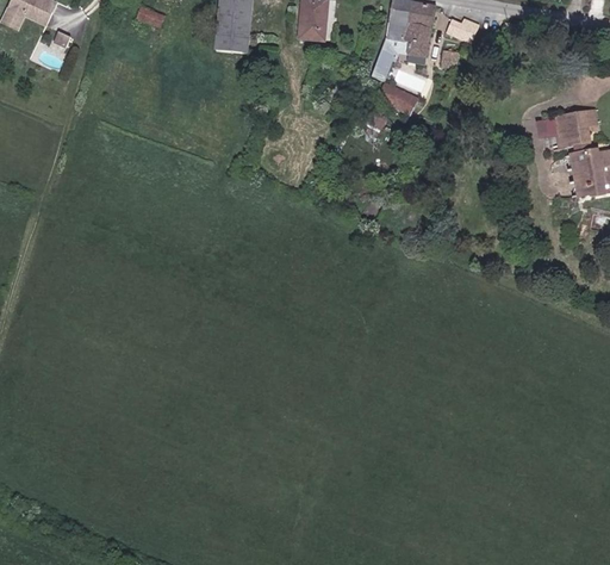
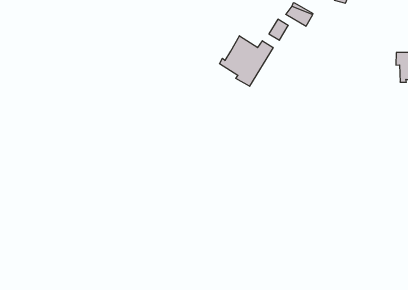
building: none -> [220,36,273,86]

